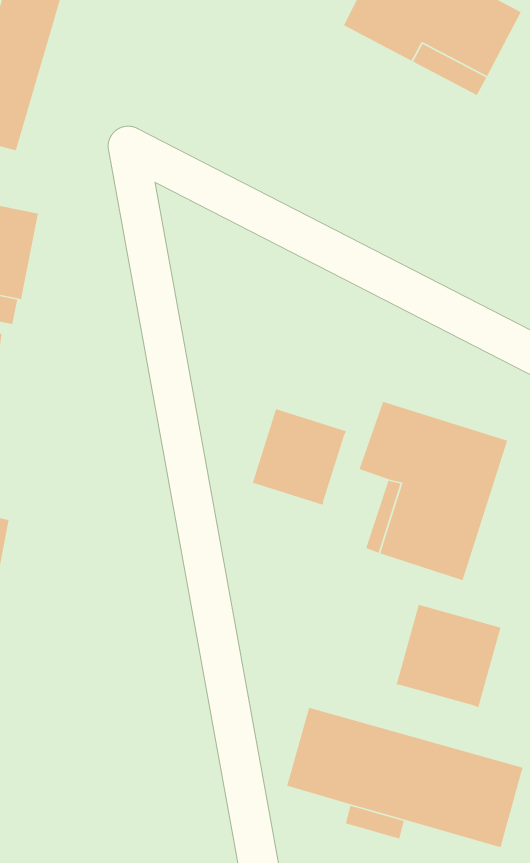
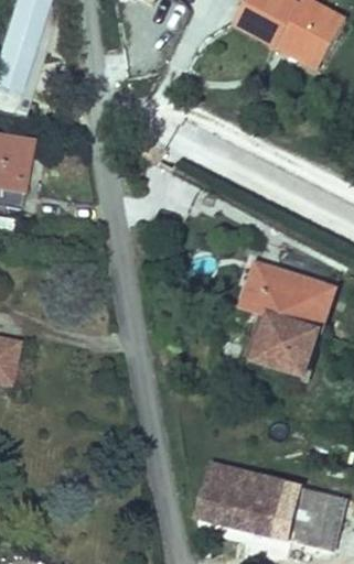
building: [252,408,347,506] -> none
building: [395,604,502,708] -> none

